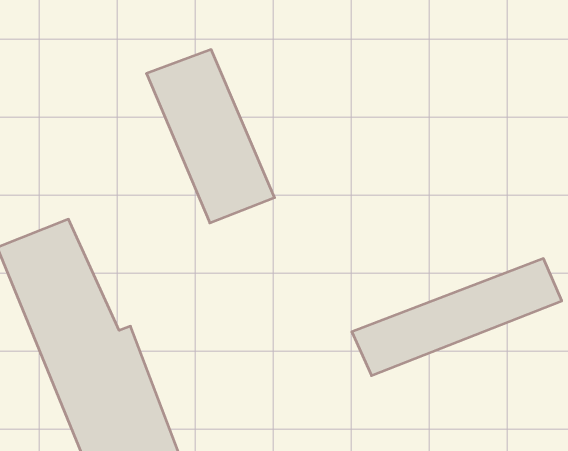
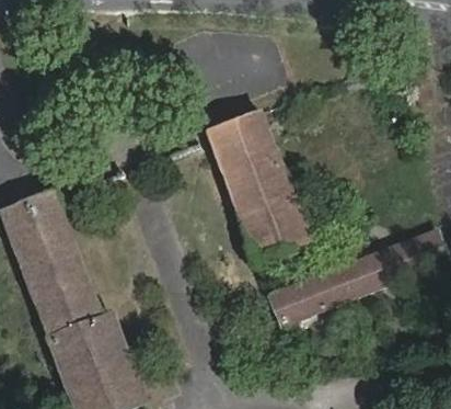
building: [146,50,275,223] -> [207,116,307,251]

